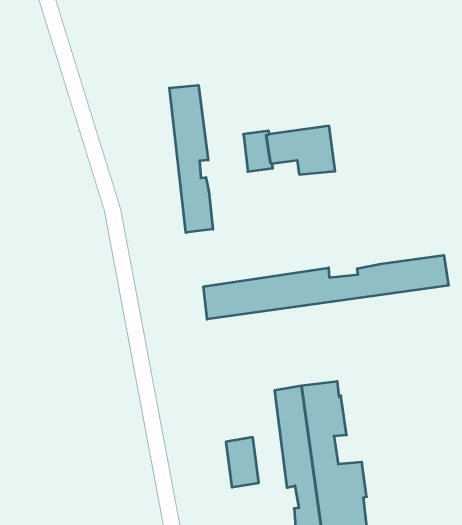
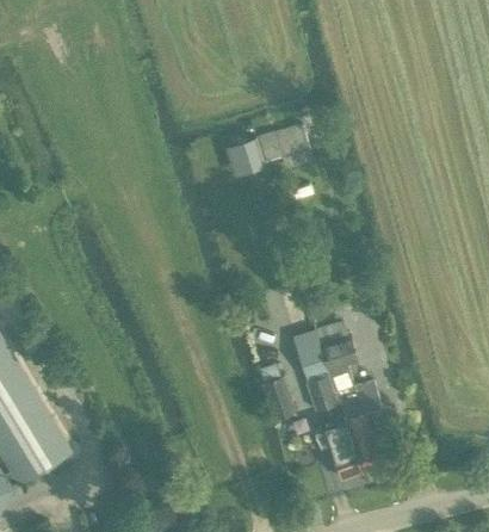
building: [169,85,213,233] -> none
building: [204,255,448,319] -> none

